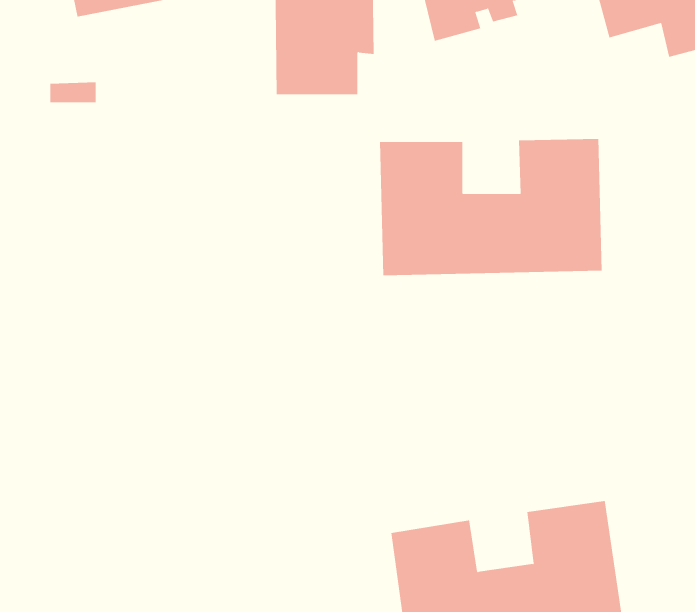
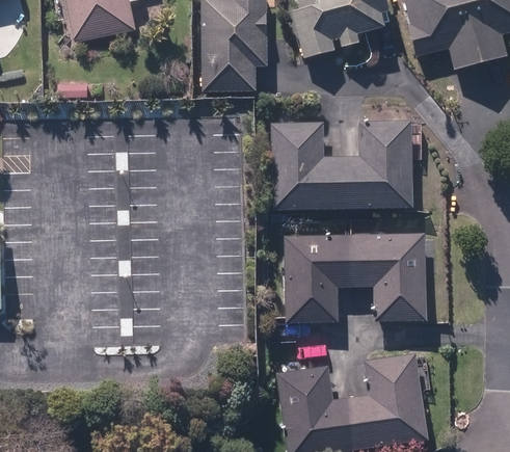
building: none -> [284,234,425,322]

